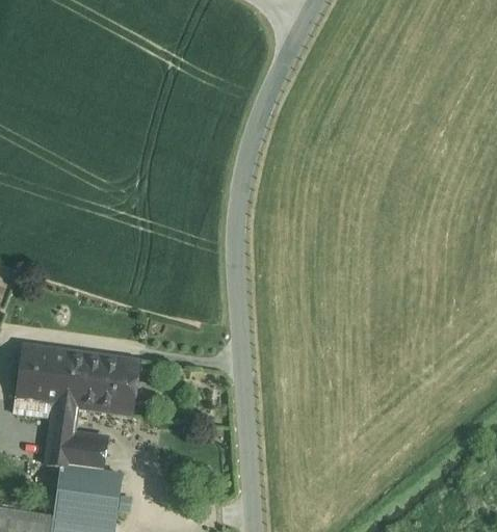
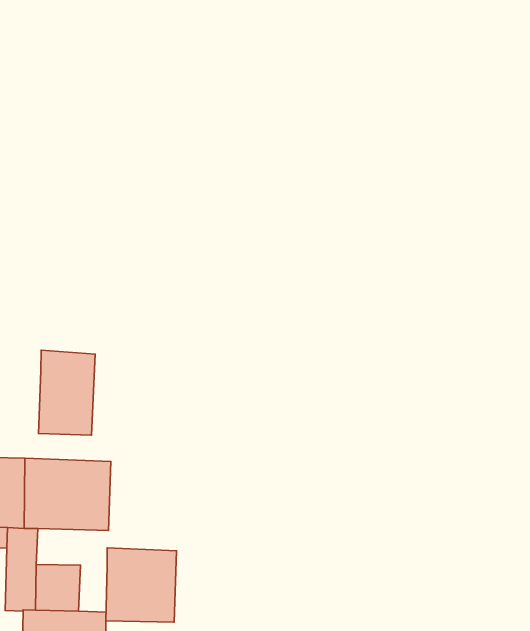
building: none -> [39,350,95,435]
building: none -> [106,548,177,622]

